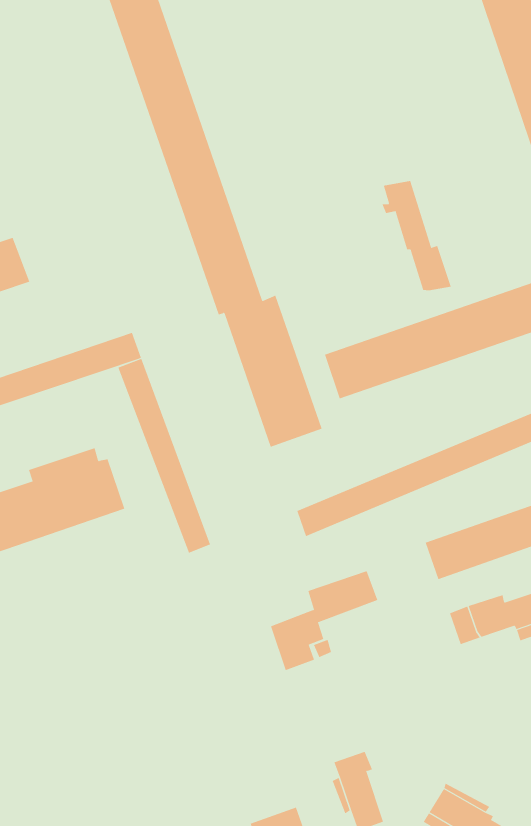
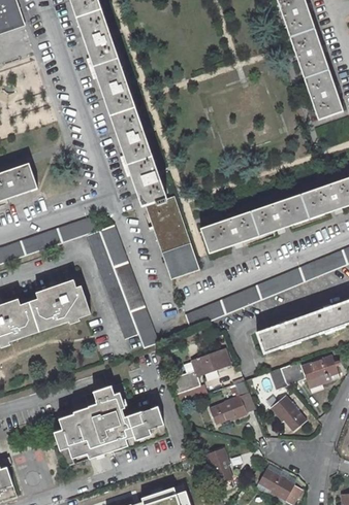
building: [381,180,451,291] -> none
building: none -> [99,224,158,347]
building: none -> [209,380,255,423]
building: none -> [51,382,166,465]
building: none -> [271,395,306,430]

